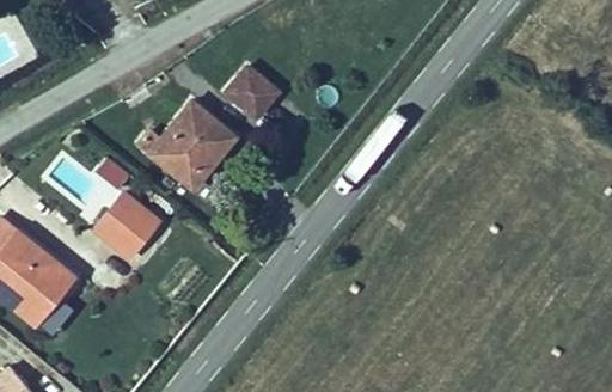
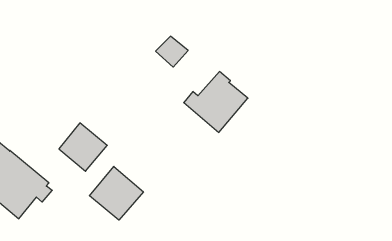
building: [143,102,235,189] -> [184,72,248,132]
building: none -> [89,166,143,220]

